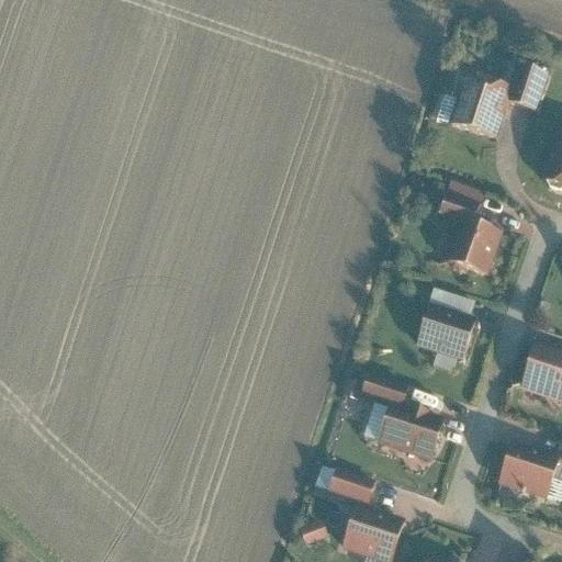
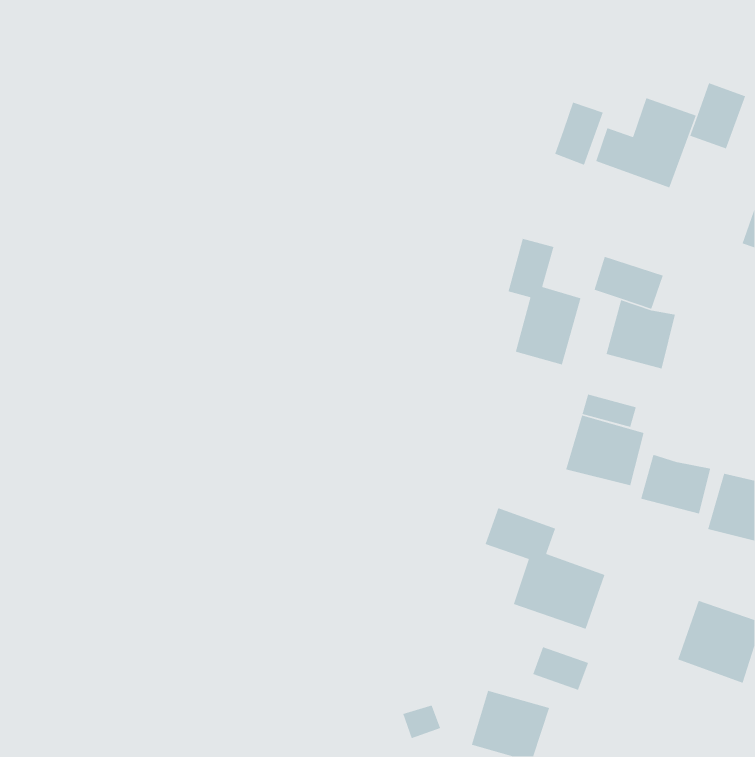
building: none -> [554,102,604,166]
building: none -> [508,238,581,365]
building: none -> [640,454,711,515]
building: [330,471,372,504] -> [532,646,589,691]

